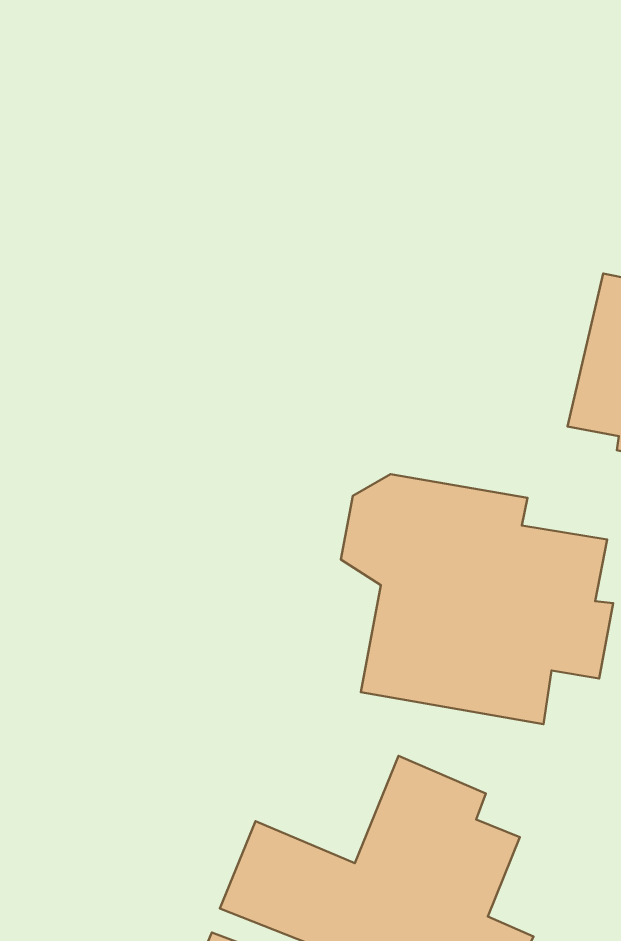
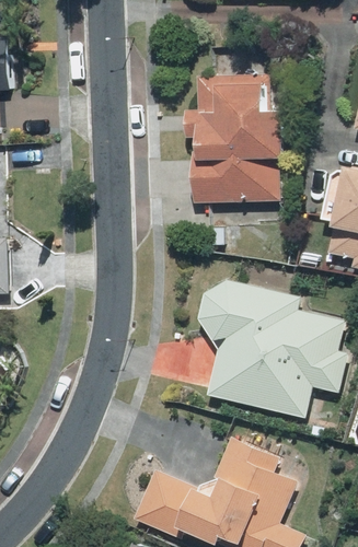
building: none -> [184,73,281,202]

